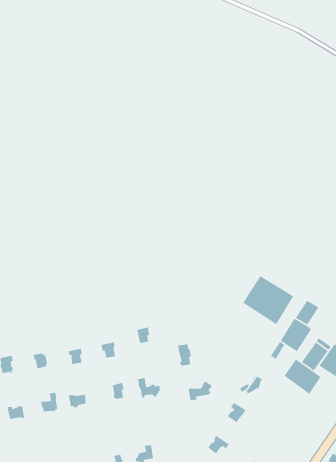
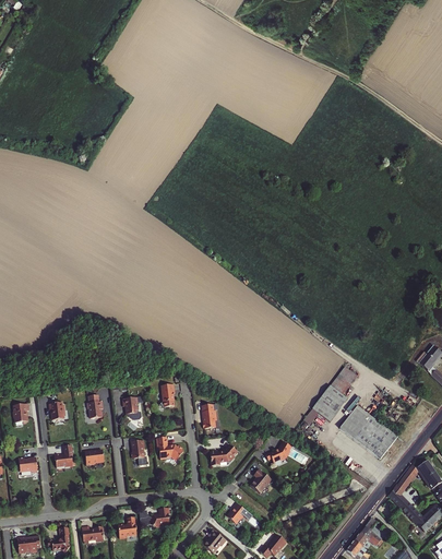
building: [242,275,294,325] -> none
building: [283,359,321,395] -> none

